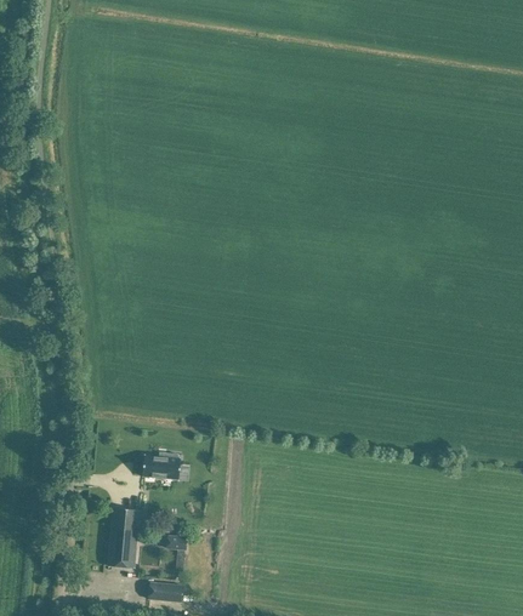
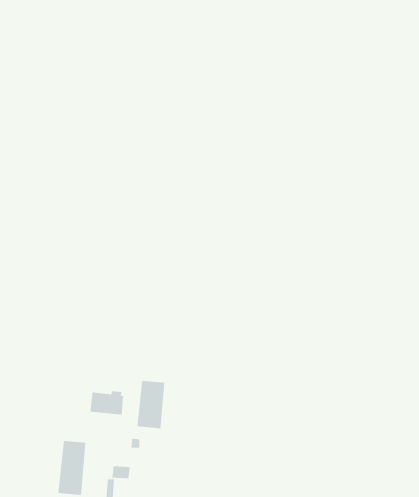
building: none -> [137,380,165,429]

